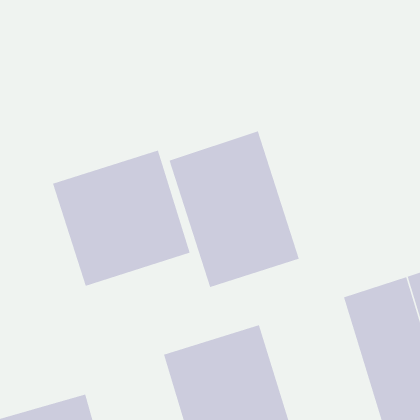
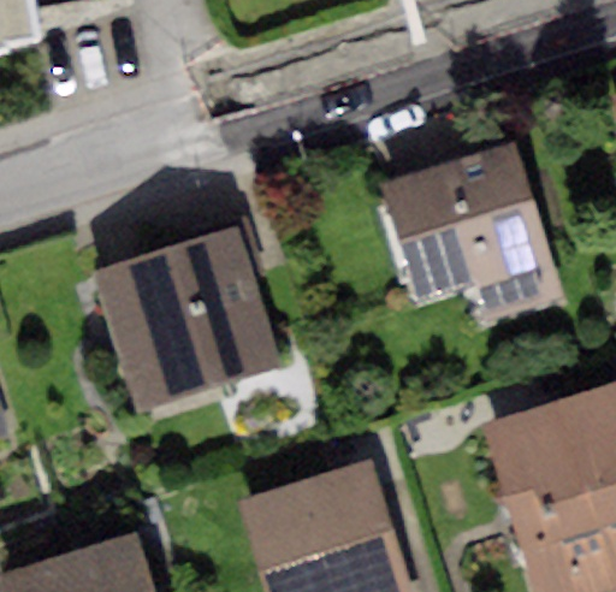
building: none -> [383,143,562,316]
building: [169,130,300,288] -> none

